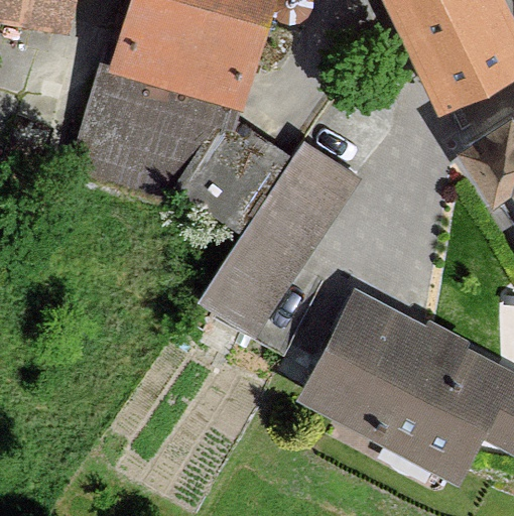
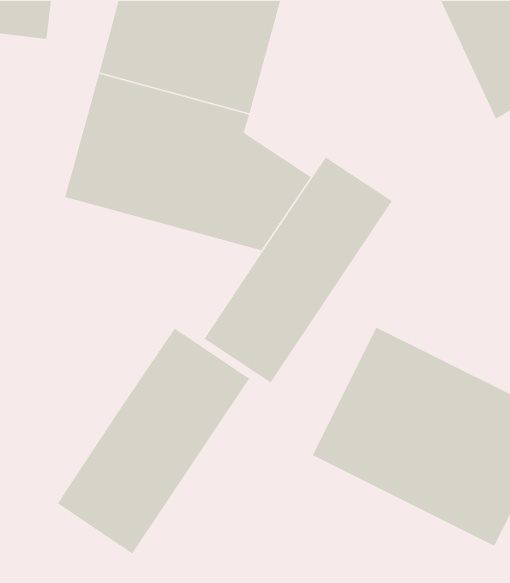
building: none -> [57,327,250,555]

